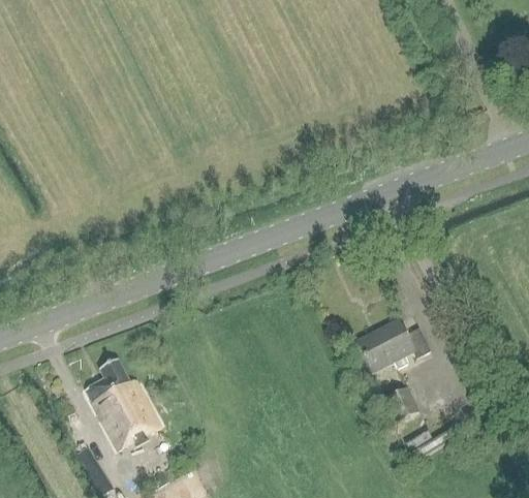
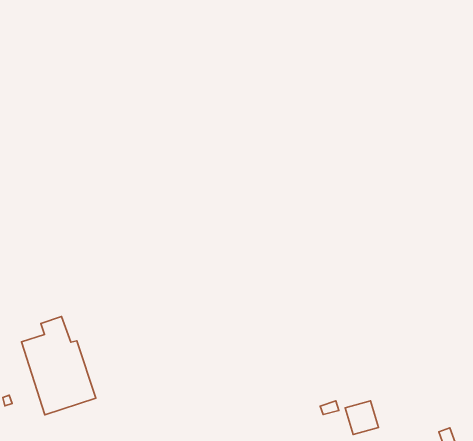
building: [356,320,431,372] -> none

